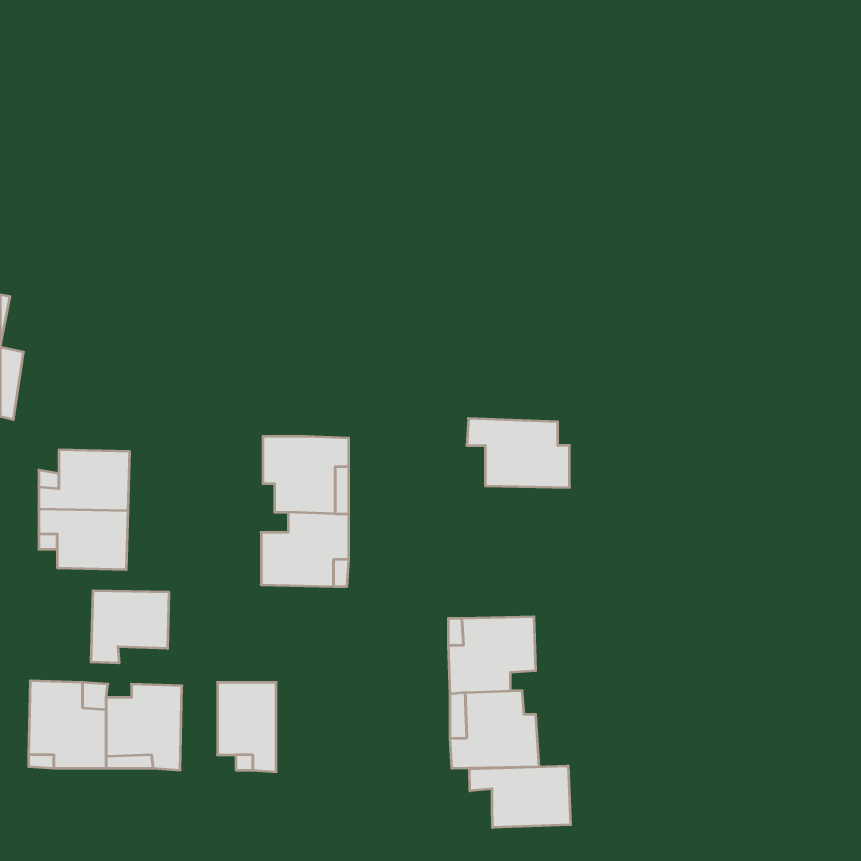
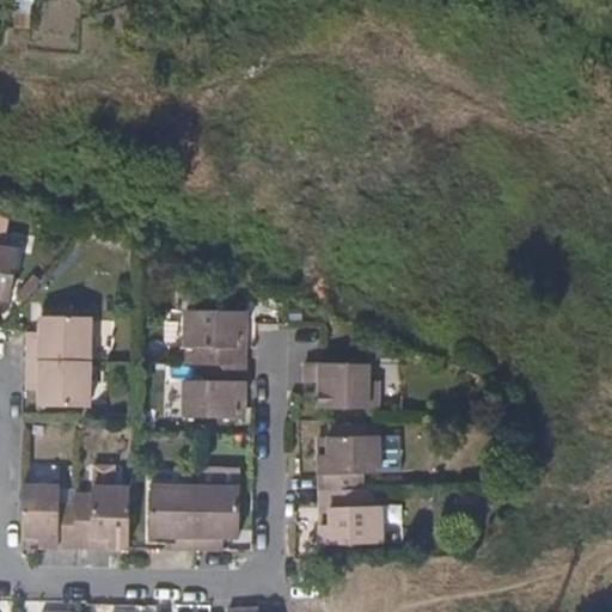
building: [467,418,570,487] -> [305,361,378,410]
building: [91,591,169,663] -> none
building: none -> [196,484,238,547]
building: [470,766,571,828] -> none

